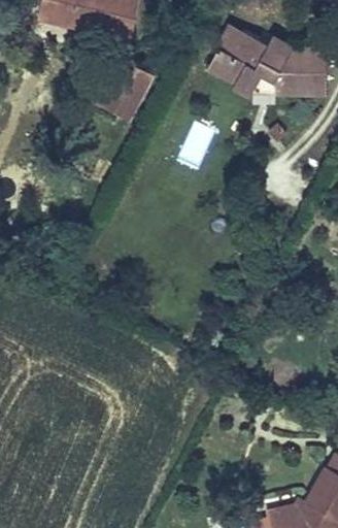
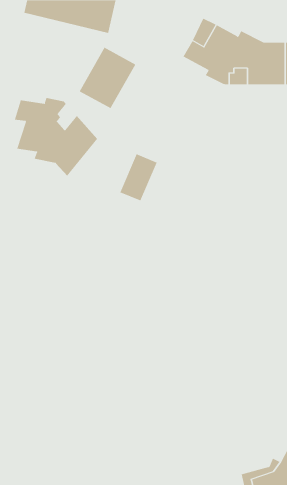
building: none -> [14,97,98,177]
building: [175,121,215,171] -> [120,154,157,201]

